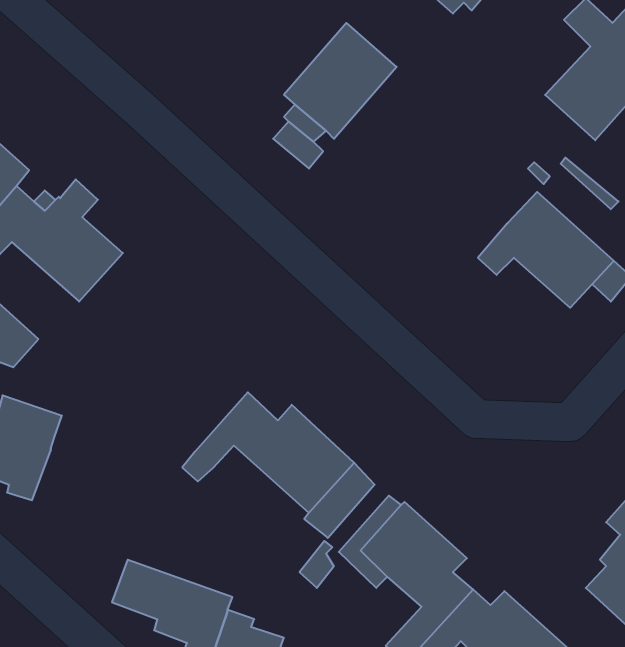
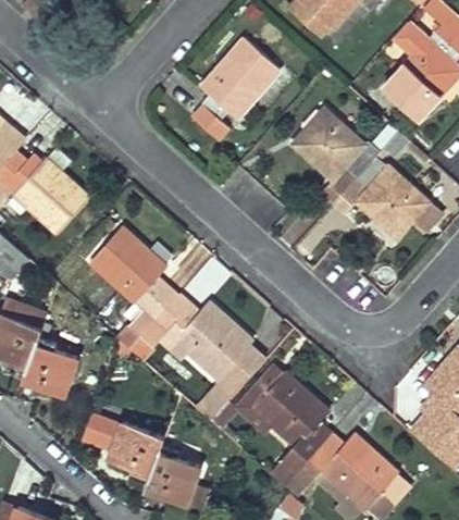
building: none -> [293,109,364,201]
building: none -> [89,226,175,336]
building: none -> [23,334,78,394]

